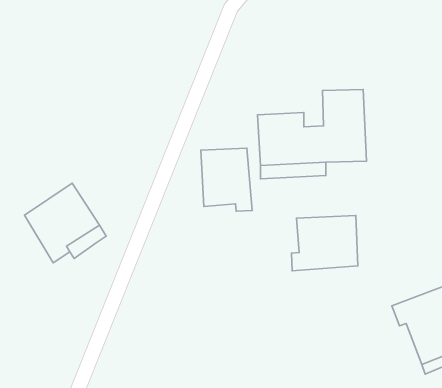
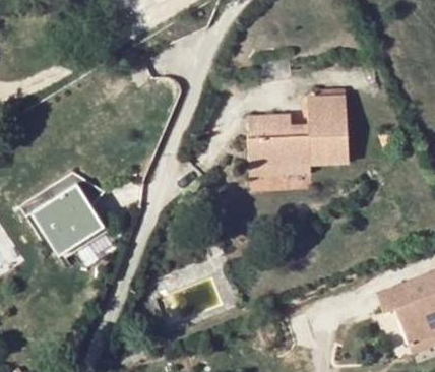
building: [201,148,252,211] -> none
building: [292,215,358,271] -> none

